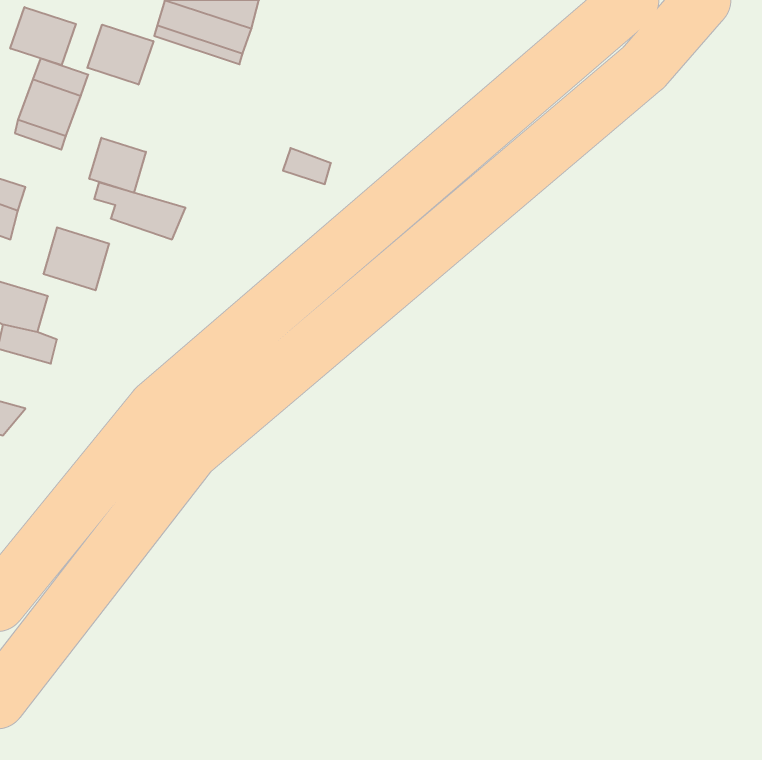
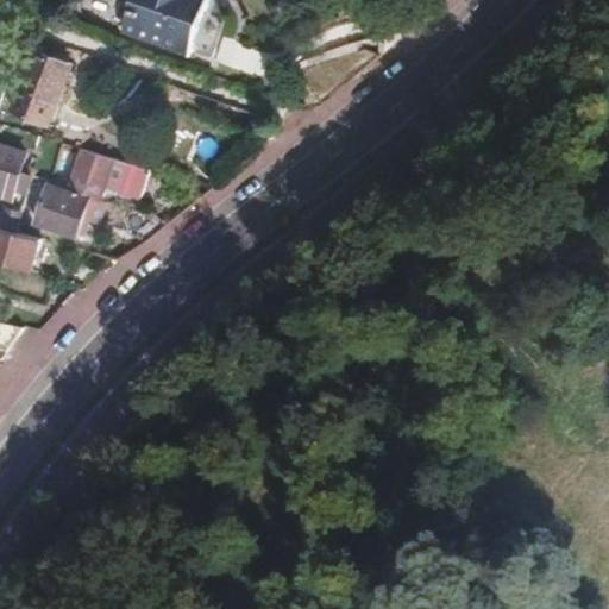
building: [10,7,76,65] -> none
building: [87,25,153,85] -> none
building: [89,138,146,193] -> none

